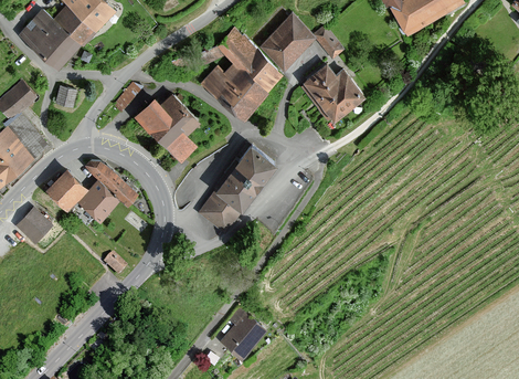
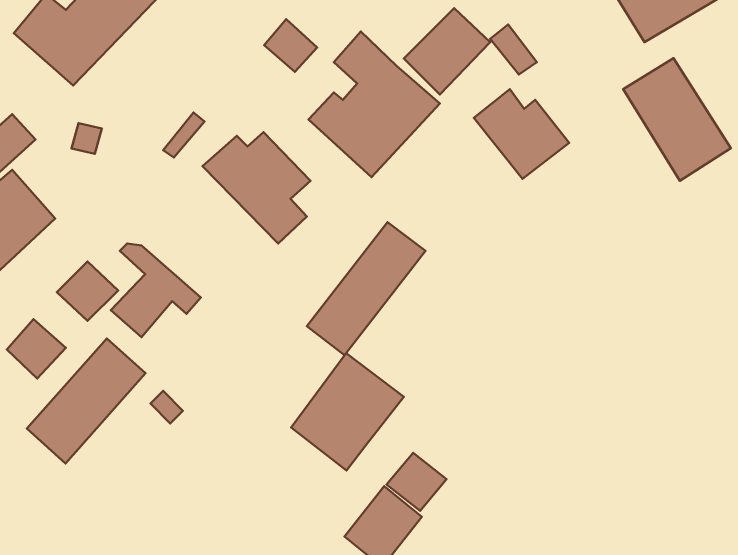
building: none -> [264,19,317,72]
building: none -> [623,58,731,181]
building: none -> [27,338,145,463]
building: none -> [291,353,404,470]
building: none -> [387,453,447,511]

